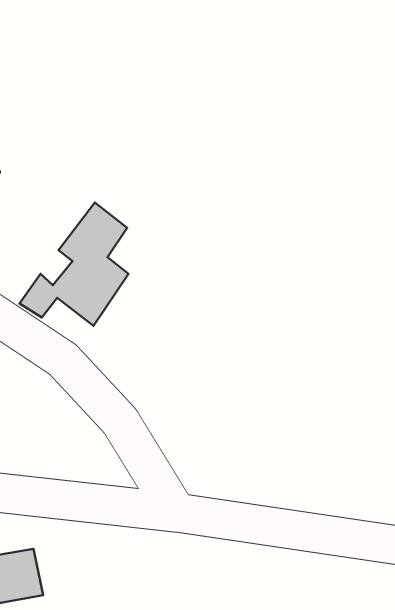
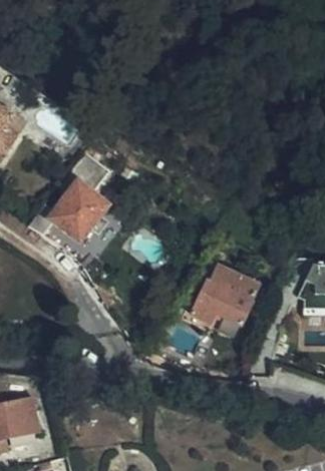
building: none -> [191,265,259,324]

